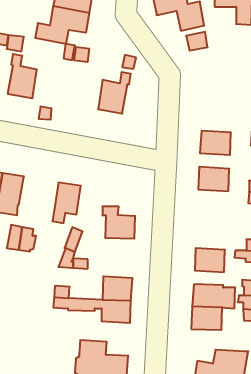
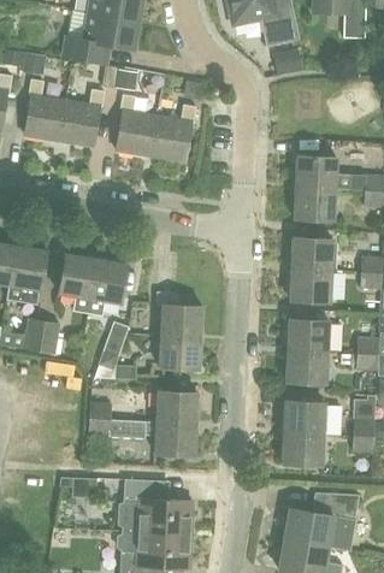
building: none -> [59,89,105,147]
building: none -> [116,95,156,156]
building: none -> [295,155,350,190]
building: none -> [58,254,95,313]
building: none -> [289,268,332,301]
building: none -> [286,319,329,353]
building: none -> [159,336,201,368]

